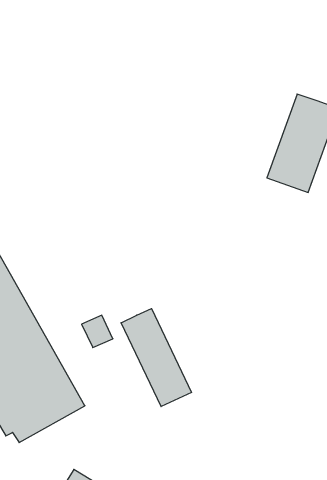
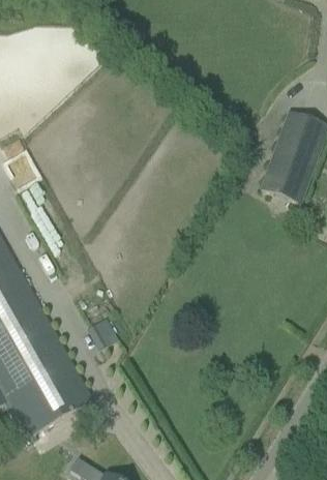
building: [121,309,192,407] -> none

